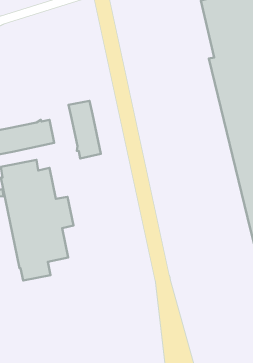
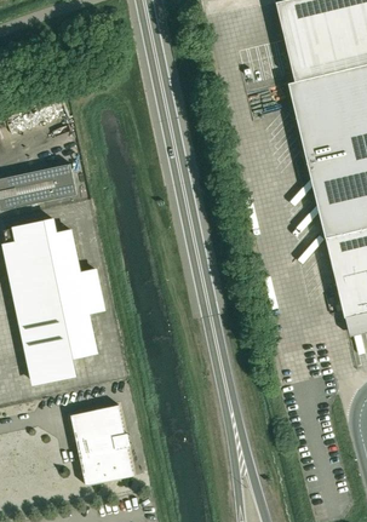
building: [68,101,101,159] -> none
building: none -> [71,405,134,486]

